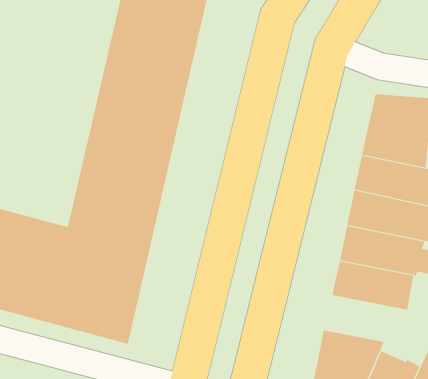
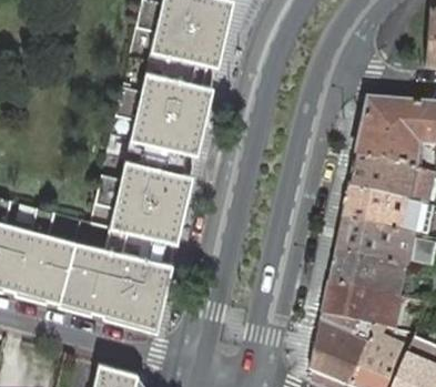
building: none -> [322,285,402,330]

